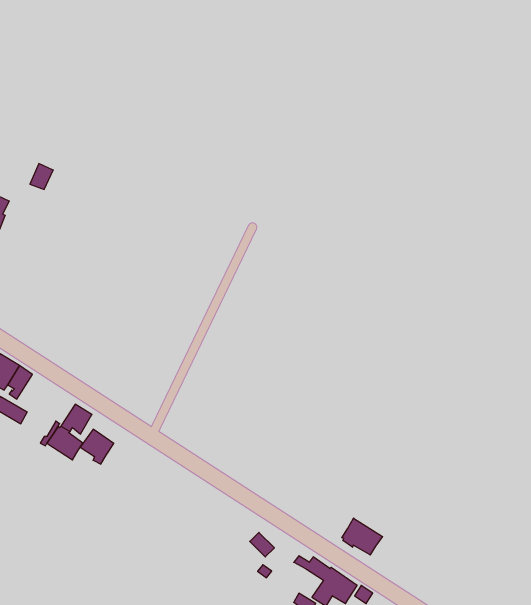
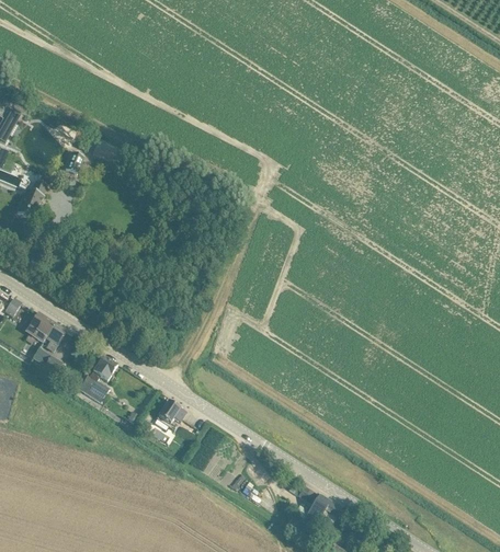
building: [80,429,114,464] -> [157,400,185,429]
building: [342,518,383,555] -> none

